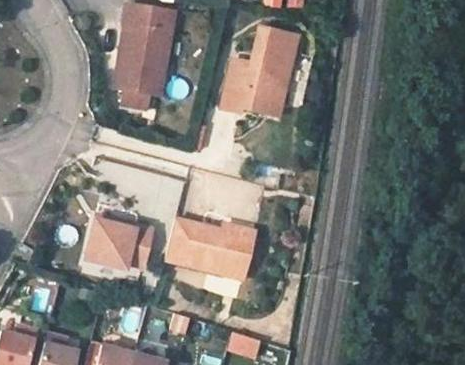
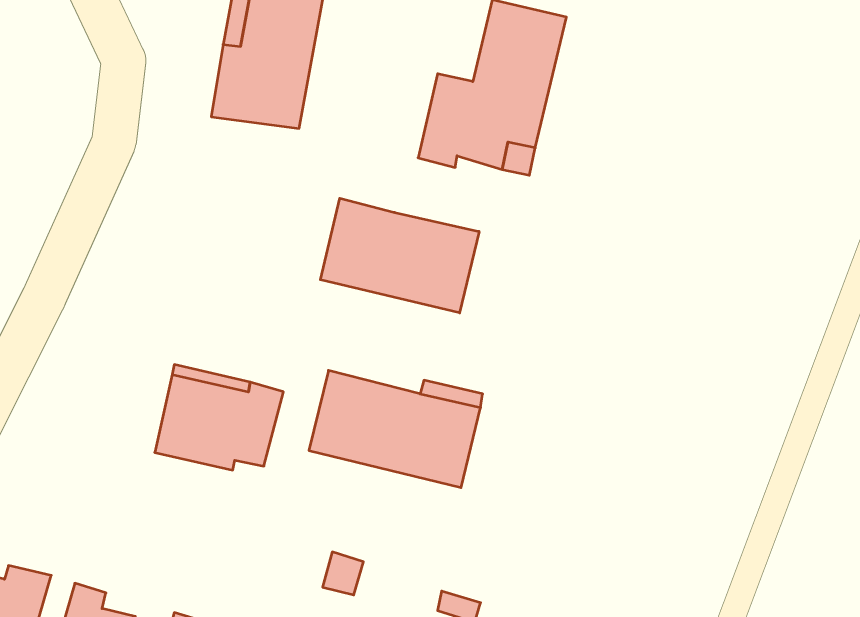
building: none -> [320,198,479,313]

